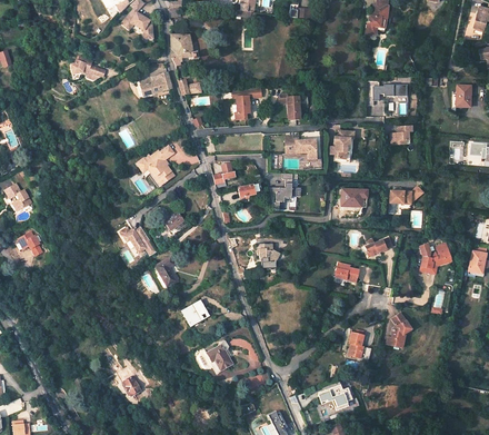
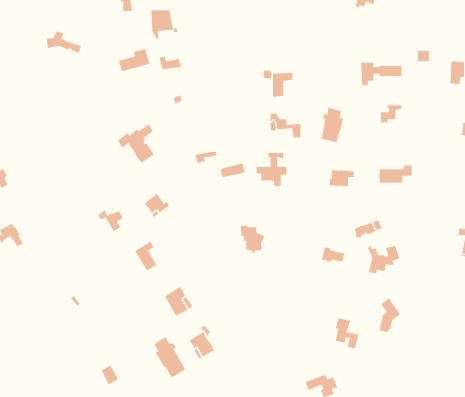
building: [231,88,260,120] -> none
building: [418,245,450,273] -> [367,245,400,274]
building: none -> [153,336,186,378]

